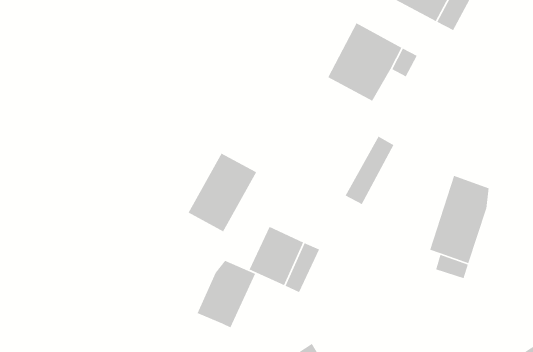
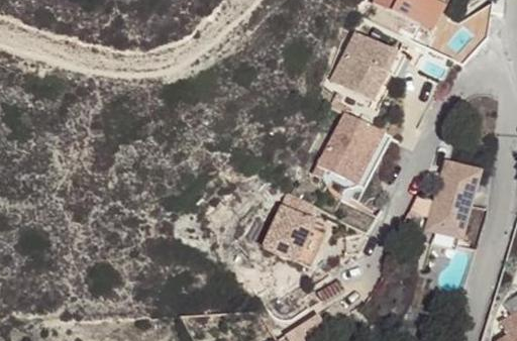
building: [187,153,257,233] -> [316,111,377,181]
building: [196,260,256,328] -> none

